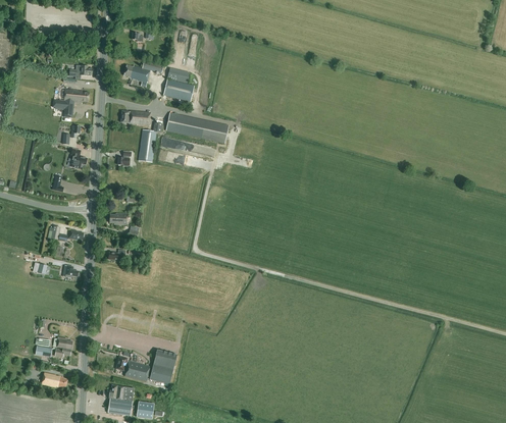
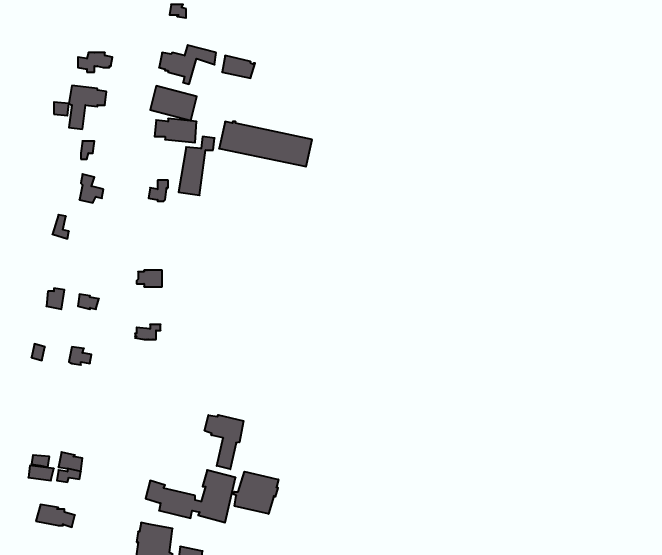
building: [163,78,195,102] -> [150,86,197,121]
building: none -> [205,415,244,469]
building: none -> [233,472,278,514]

